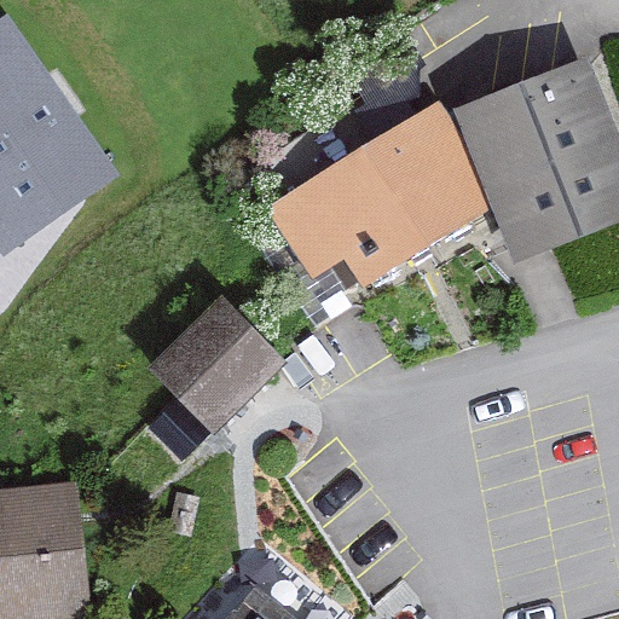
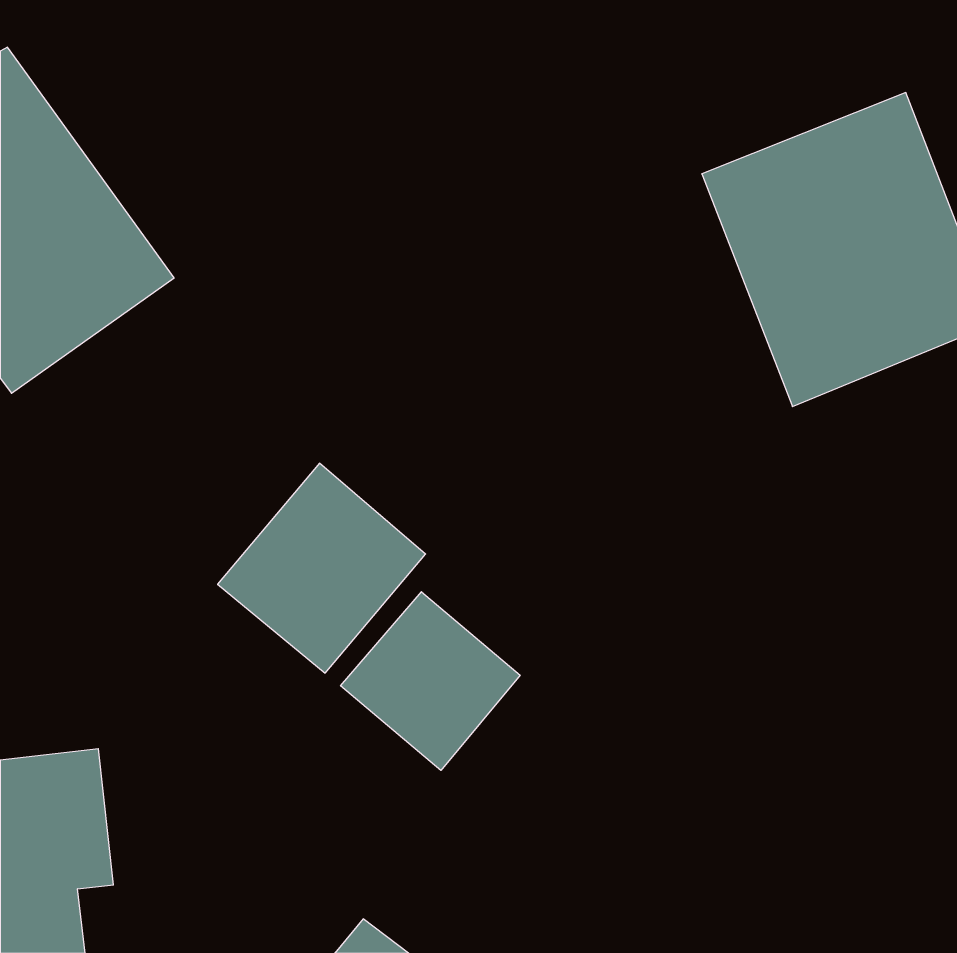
building: [265,106,481,287] -> none
building: none -> [341,592,520,770]

